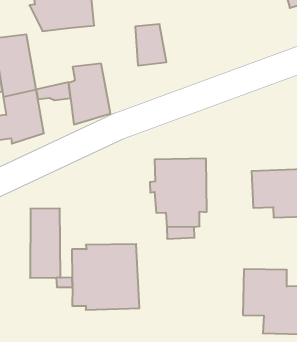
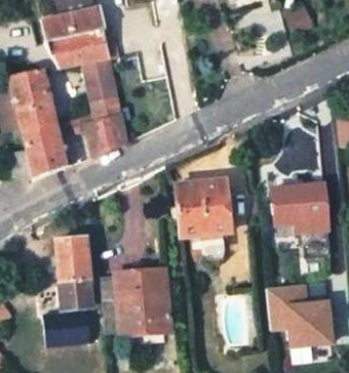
building: [135,24,166,66] -> [84,56,117,98]

